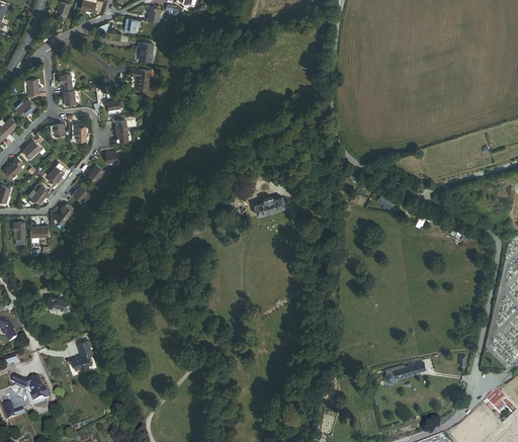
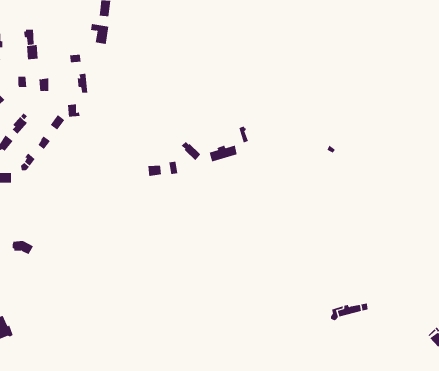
building: [72,341,92,371] -> none

